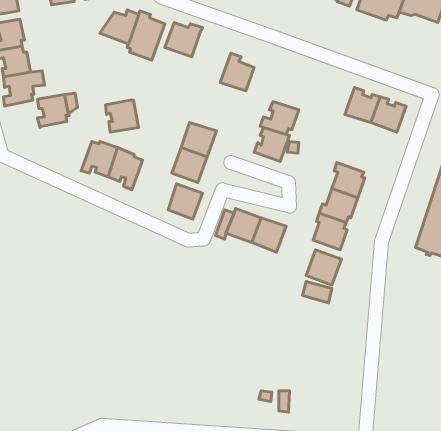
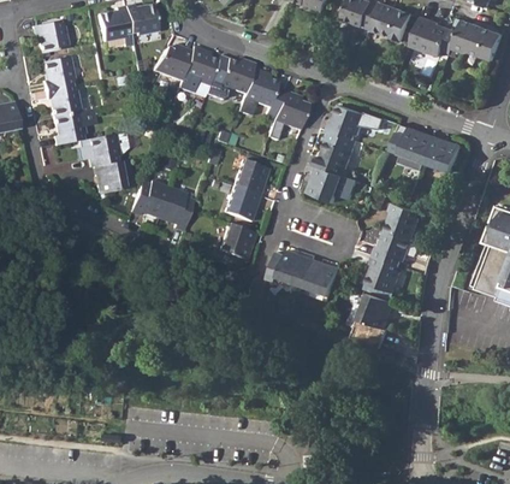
building: none -> [237,70,283,122]
building: none -> [325,106,364,141]
building: [105,100,138,132] -> [90,161,124,194]

